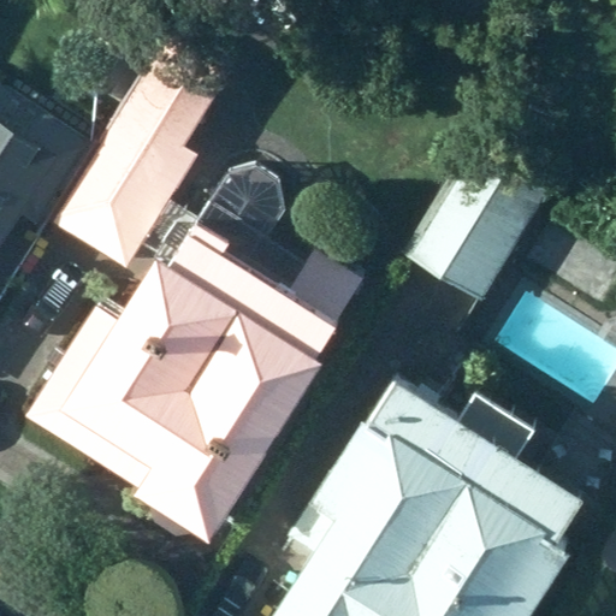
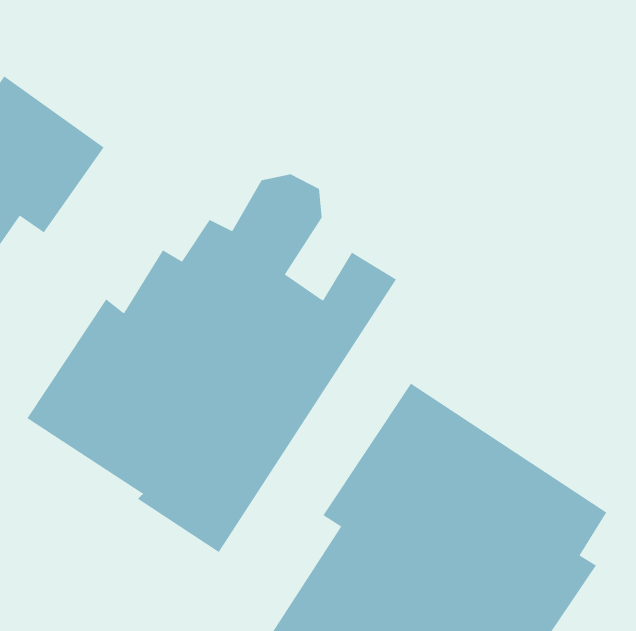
building: [57,40,229,263] -> none
building: [395,170,515,303] -> none

